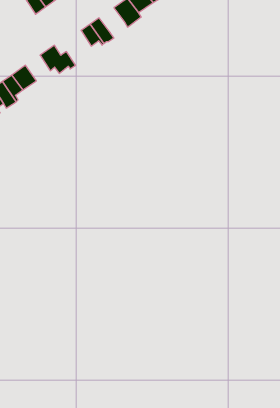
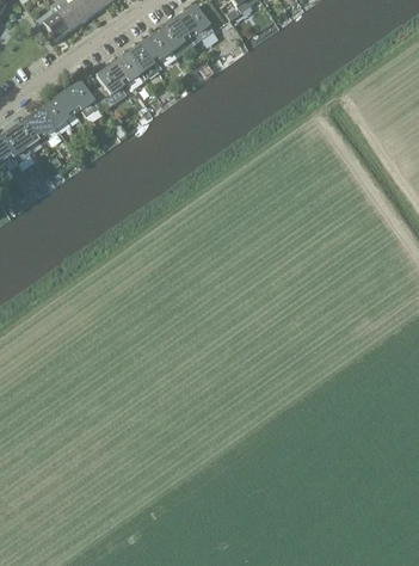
building: none -> [140,30,173,62]
building: none -> [97,60,129,105]
building: none -> [43,92,75,125]

